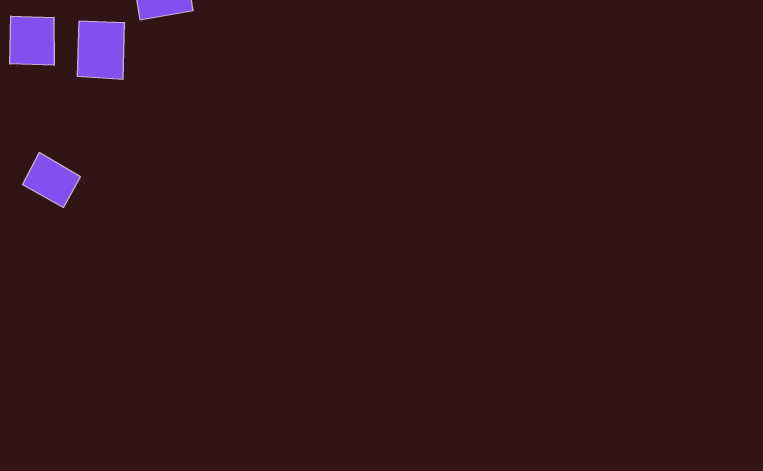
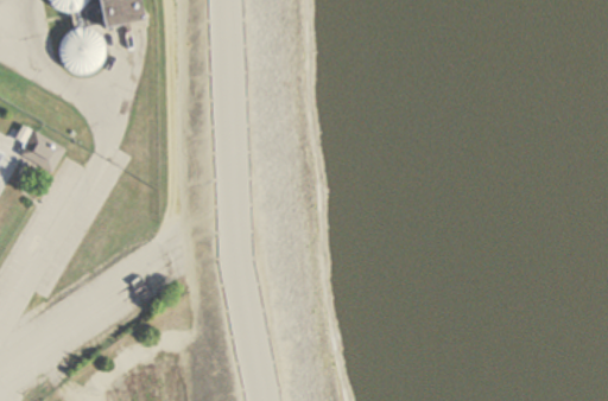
building: [10,16,54,65] -> none

